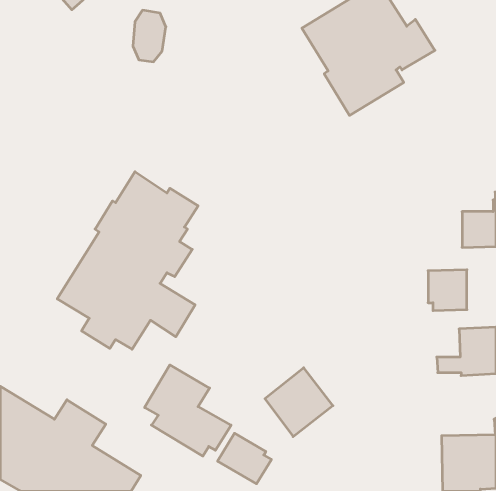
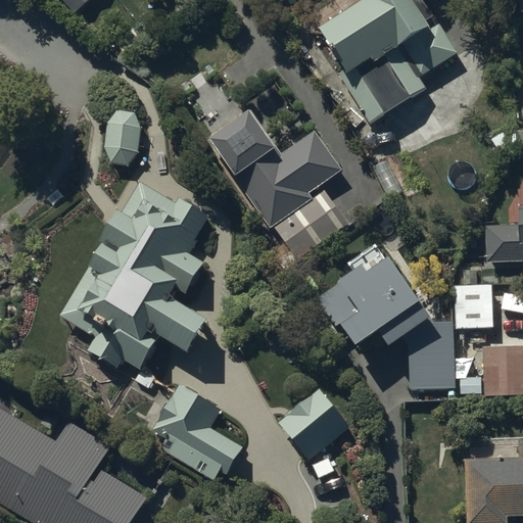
building: [133,10,166,62] -> [106,109,141,163]
building: none -> [208,110,350,259]
building: none -> [316,240,467,387]
building: [218,433,271,484] -> none

